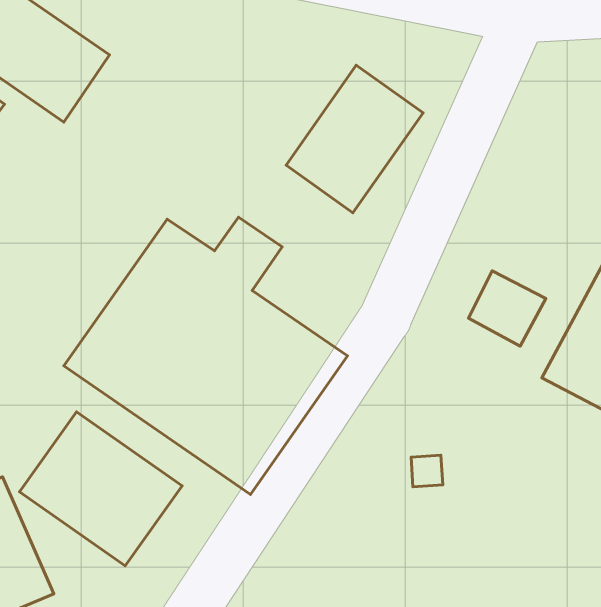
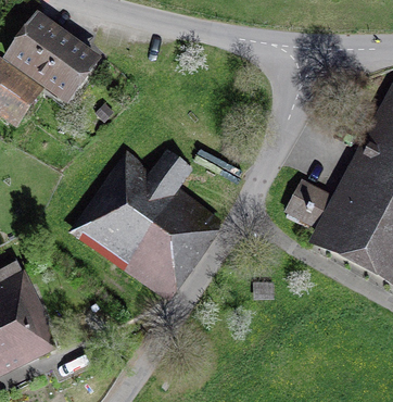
building: [286,65,423,213] -> none
building: [20,412,182,566] -> none

